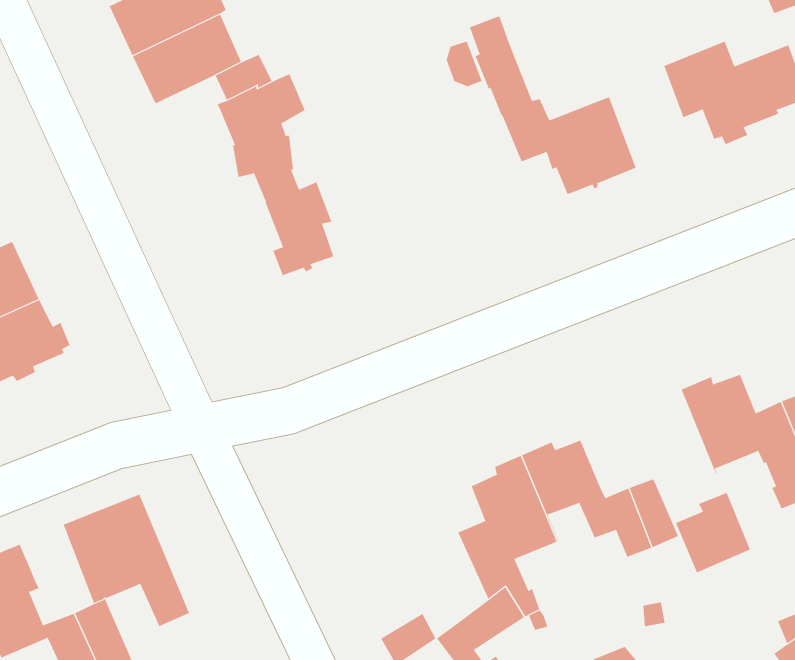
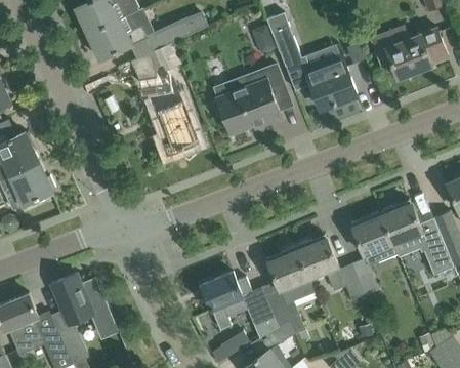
building: none -> [155,12,208,48]
building: none -> [212,65,290,135]
building: [675,492,762,577] -> [352,212,399,257]
building: none -> [202,273,278,336]

